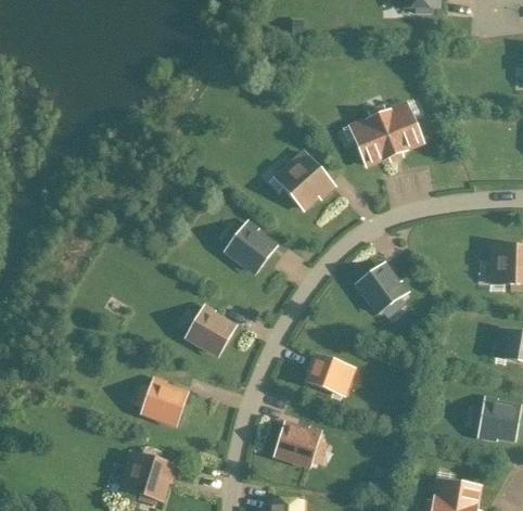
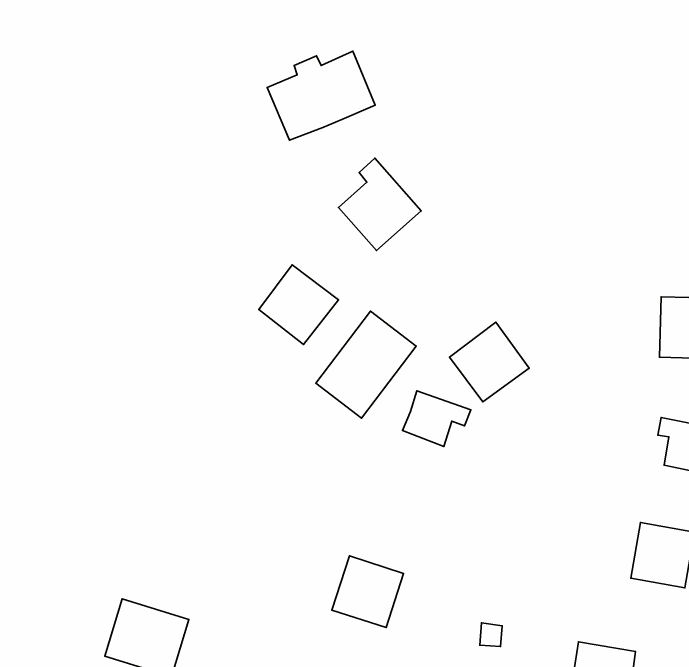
building: [349,105,423,166] -> [267,51,375,140]
building: none -> [316,311,416,418]
building: [183,304,235,357] -> none
building: [308,354,355,392] -> [403,391,471,447]
building: [139,376,188,425] -> none

